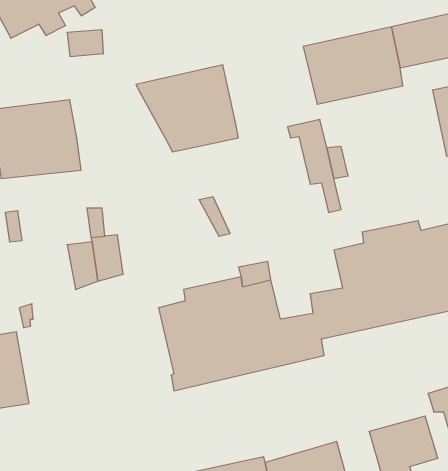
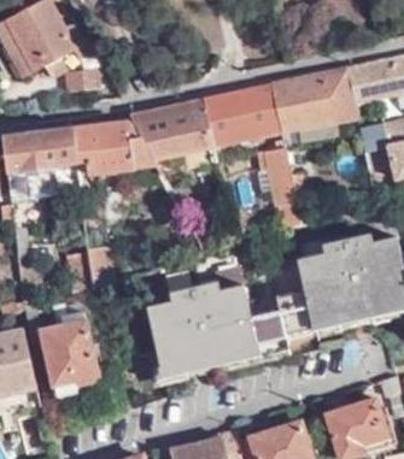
building: none -> [201,83,282,148]
building: none -> [70,123,154,175]
building: none -> [41,298,98,392]

